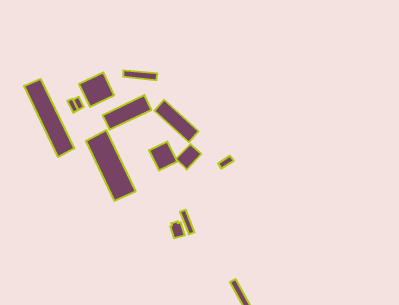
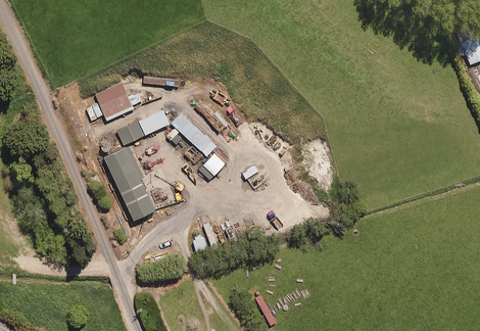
building: [24,79,74,157] -> none
building: [149,141,177,171] -> none

